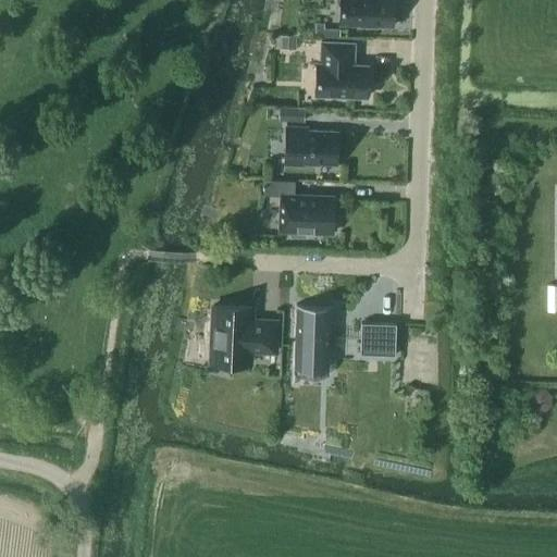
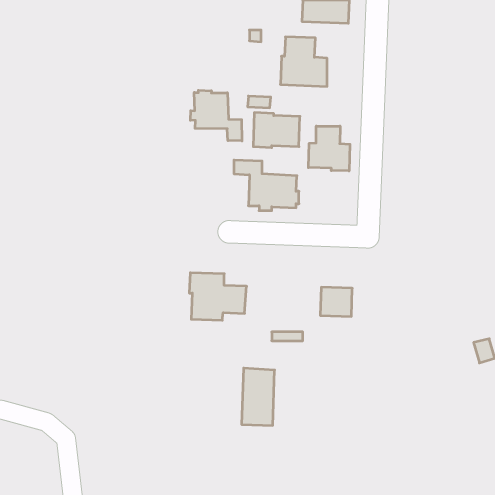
building: none -> [190,90,242,141]
building: none -> [308,126,350,171]
building: [295,305,332,369] -> [242,368,275,425]

